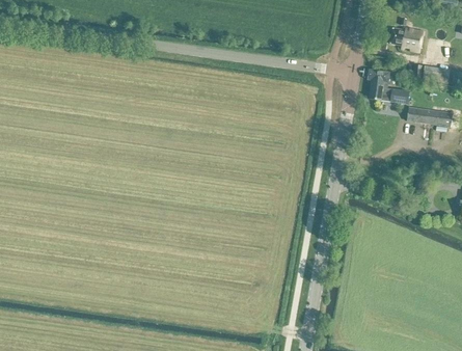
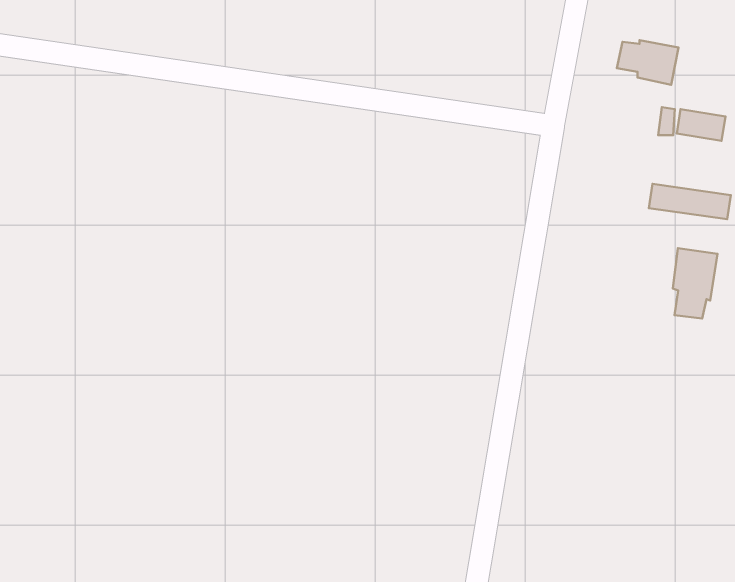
building: [368,70,408,104] -> none
building: none -> [673,248,717,319]

